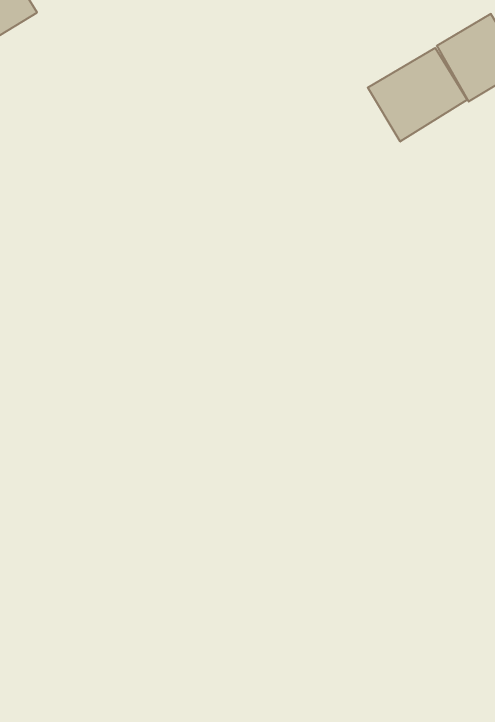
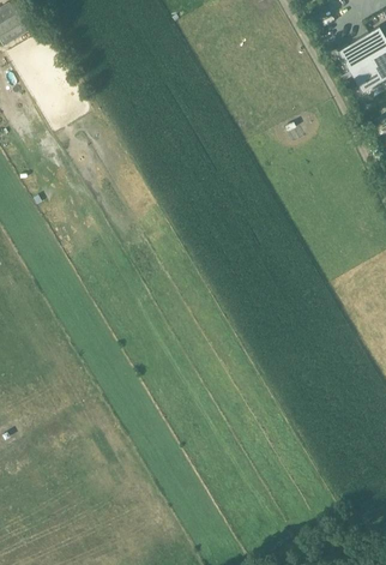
building: [368,48,467,142] -> none

